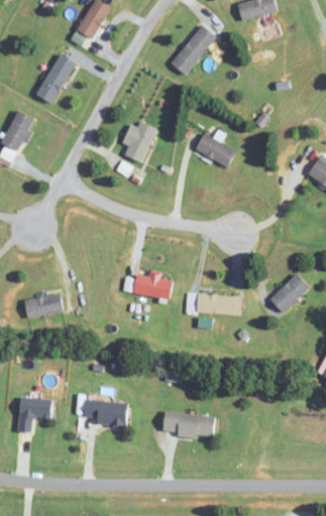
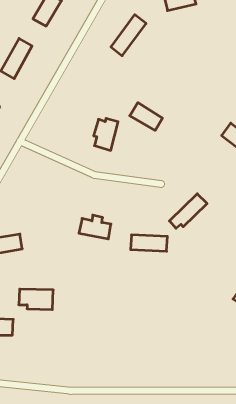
building: [123,122,153,161] -> [94,118,118,150]
building: [262,274,309,316] -> [169,194,207,228]
building: [85,400,127,425] -> [19,289,53,310]
building: [162,411,215,437] -> none

